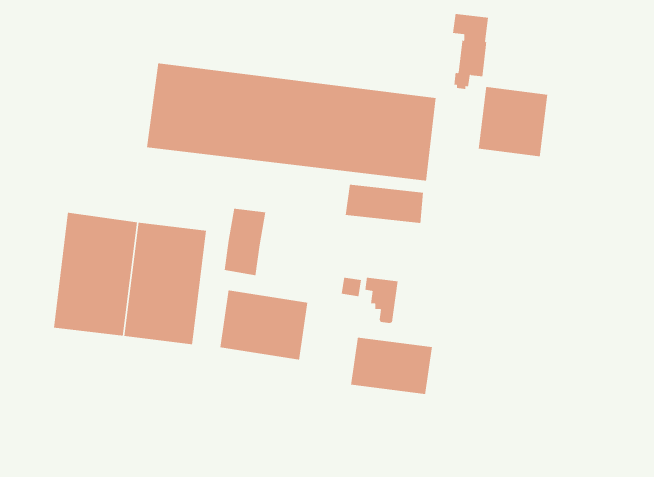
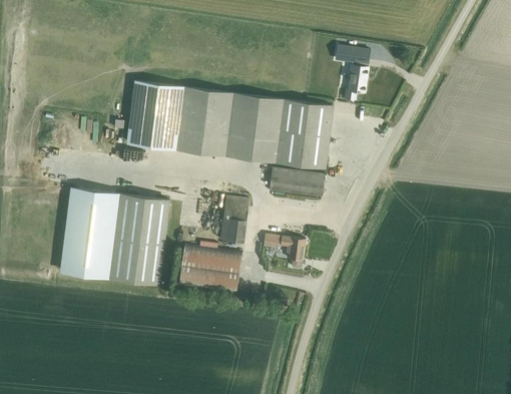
building: [478,86,548,157] -> none
building: [224,208,266,276] -> [219,194,249,243]
building: [351,337,432,395] -> none

